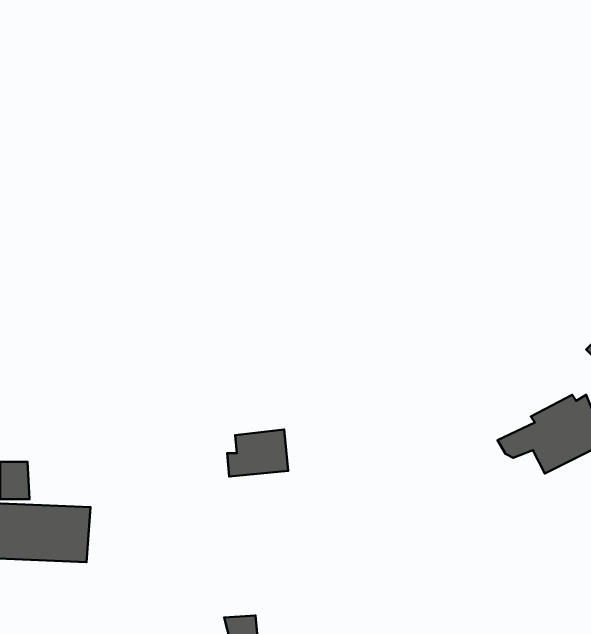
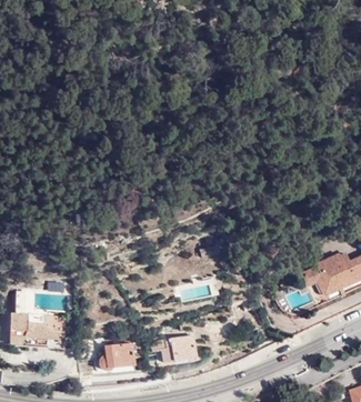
building: [227,429,288,477] -> [162,334,197,361]
building: none -> [97,344,133,372]

